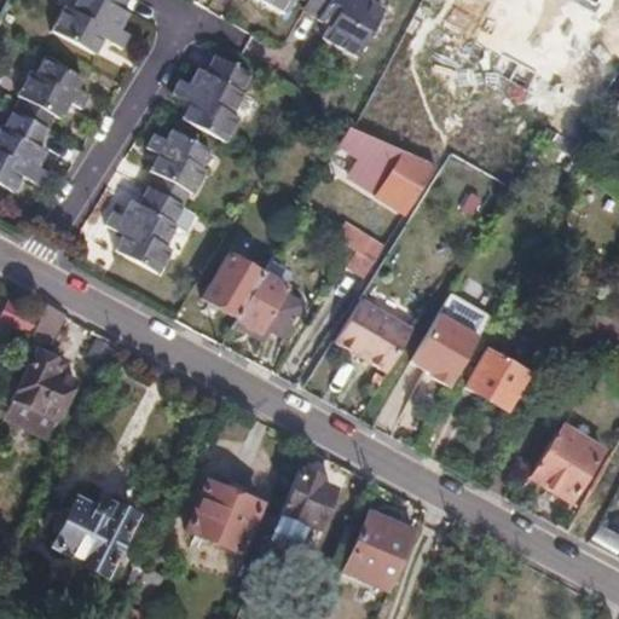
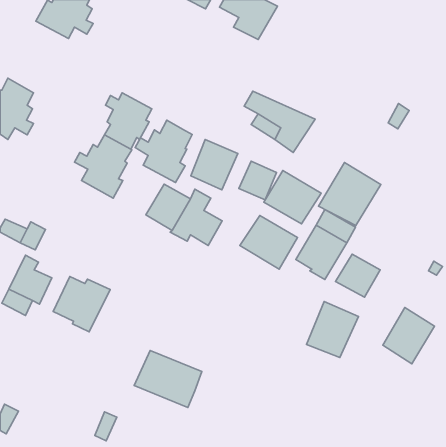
building: [173,53,251,139] -> [135,120,192,183]
building: [15,56,91,128] -> none
building: none -> [191,139,238,190]
building: none -> [319,162,381,226]
building: none -> [264,171,321,224]
building: [272,472,332,550] -> none
building: [54,498,133,574] -> [53,276,110,332]
building: [346,514,417,591] -> [307,302,358,358]

